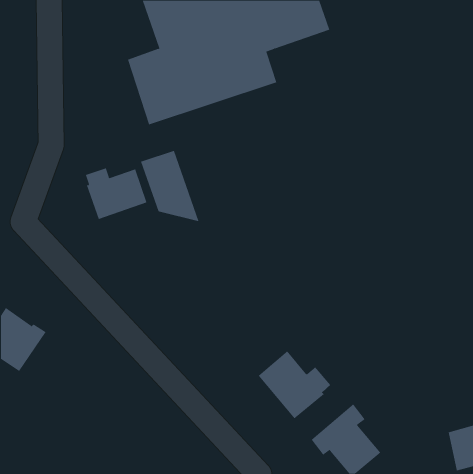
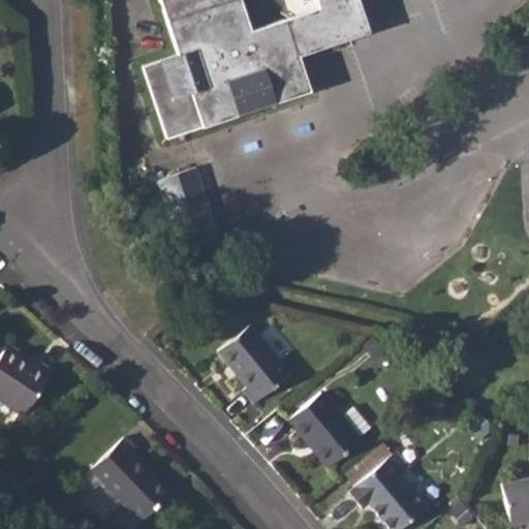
building: [85,167,147,220] -> none
building: none -> [218,325,290,402]
building: none -> [92,437,170,520]

